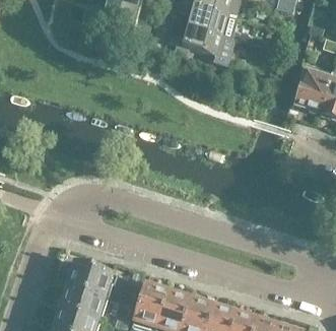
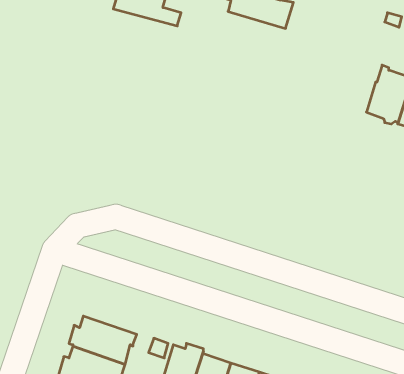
building: [166,23,236,64] -> none

